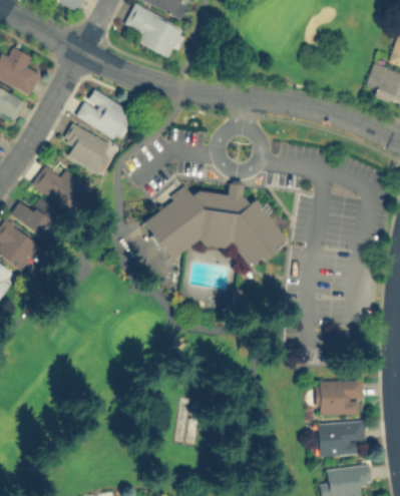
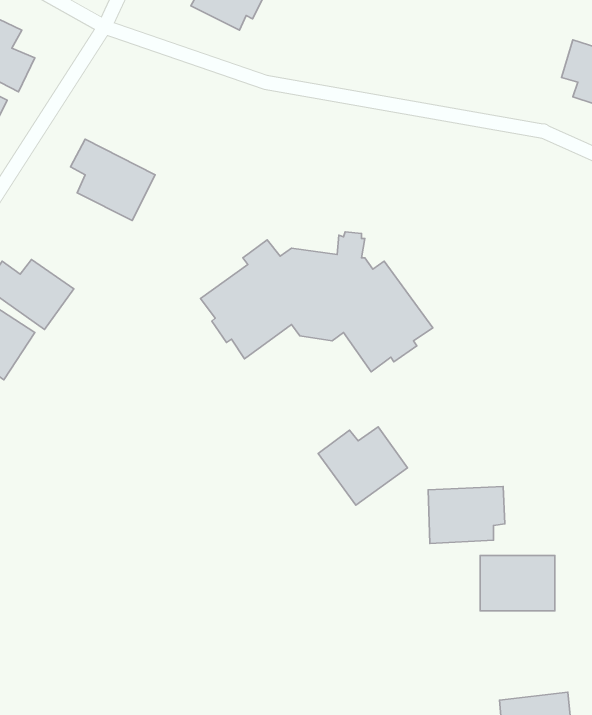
building: [75,87,134,140] -> none
building: [32,165,91,212] -> none
building: none -> [318,427,407,505]
building: [318,421,365,456] -> [428,486,505,543]

